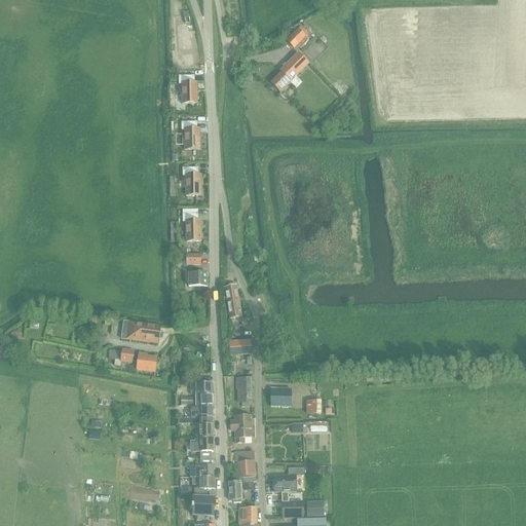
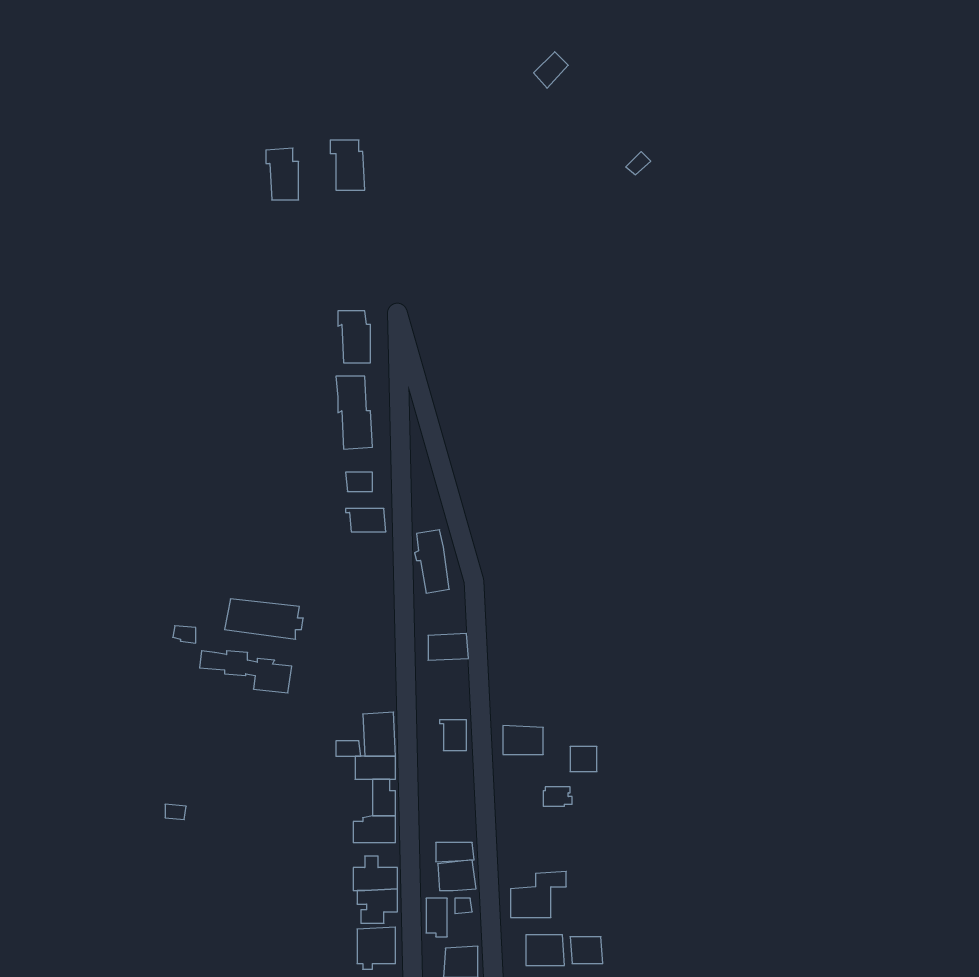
building: [270,51,307,90] -> none
building: [180,120,197,148] -> [266,148,299,200]
building: [230,415,251,442] -> none

